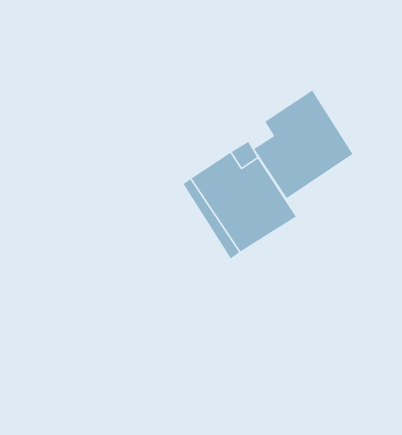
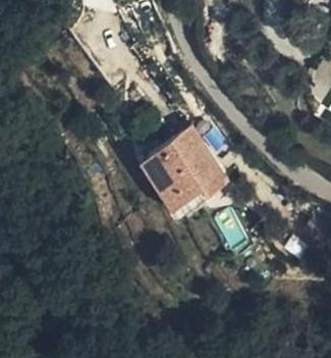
building: [253,90,354,199] -> none

